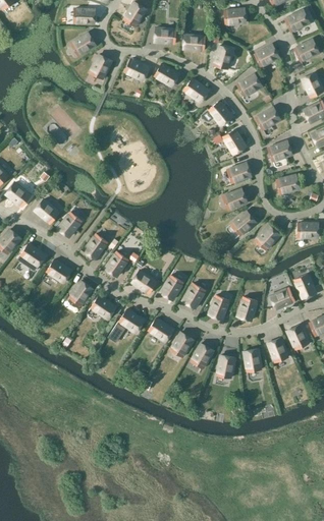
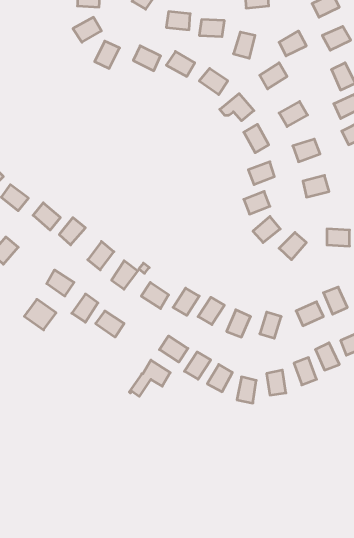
building: [17,243,46,271] -> [24,299,56,330]
building: [107,308,144,341] -> [129,360,170,396]

